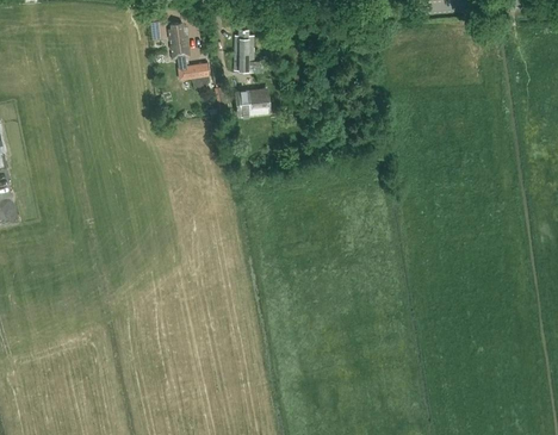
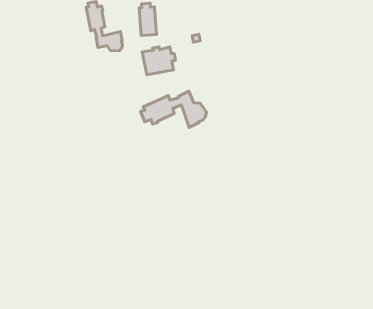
building: none -> [141,91,206,127]

